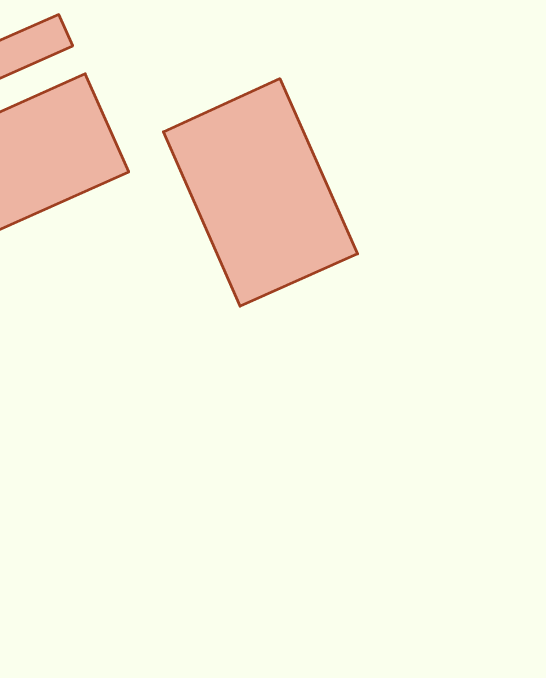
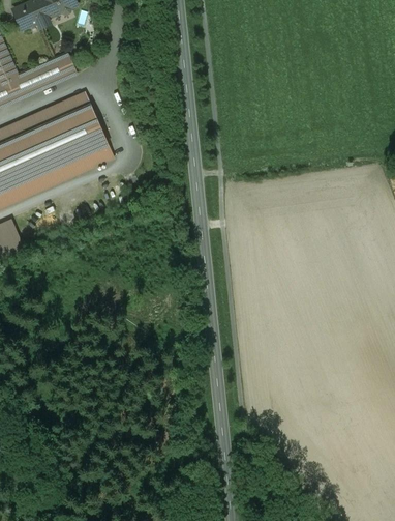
building: [163,79,358,306] -> none

